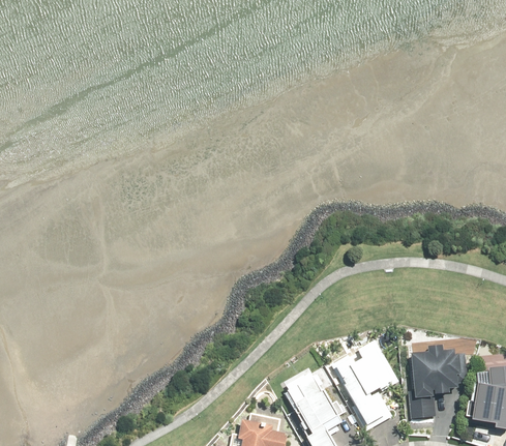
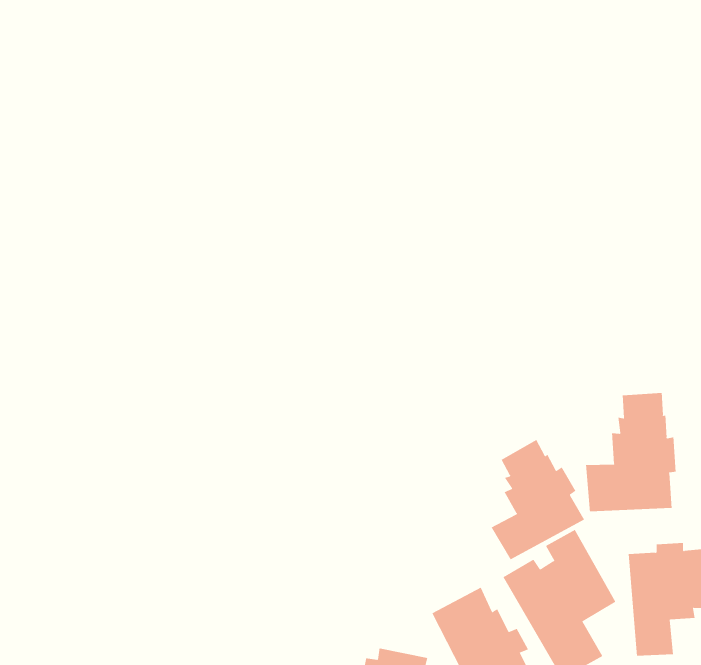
building: none -> [586,392,676,512]
building: none -> [491,439,585,560]

